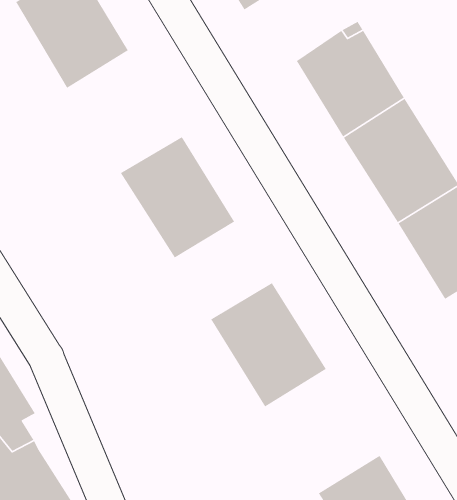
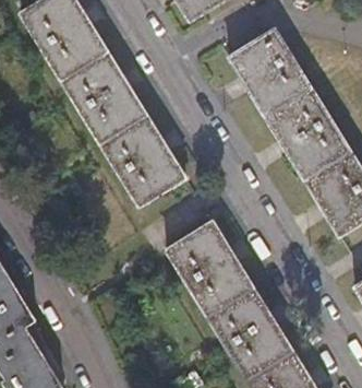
building: none -> [60,50,145,141]
building: none -> [206,286,291,378]

